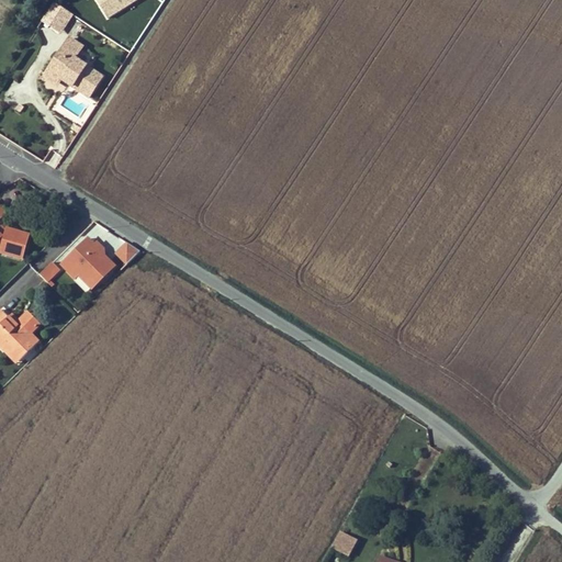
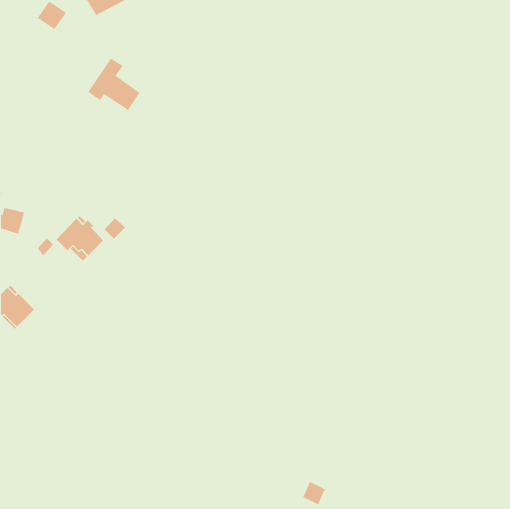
building: [42,38,100,97] -> [87,58,140,111]

